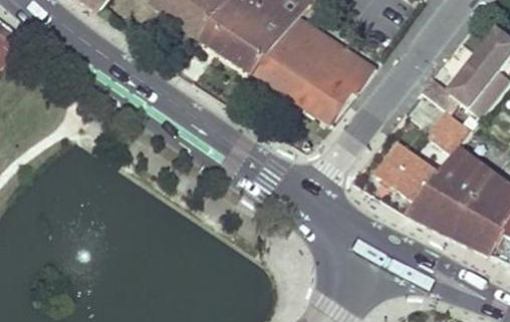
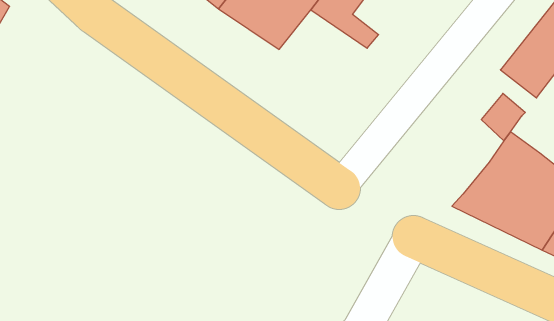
building: [252,39,371,123] -> none
building: [377,143,439,203] -> none

